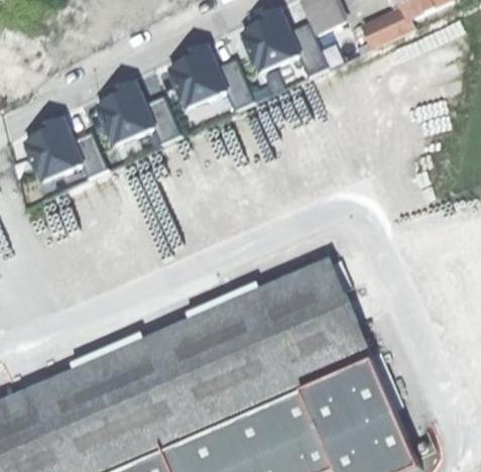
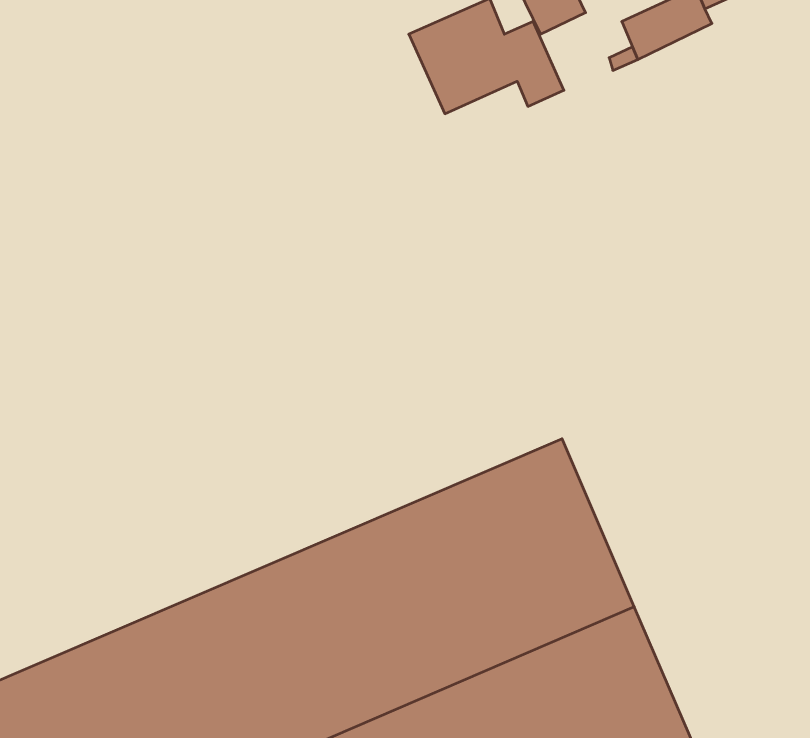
building: [168,46,255,111] -> none
building: [97,83,184,147] -> none
building: [24,117,111,182] -> none

